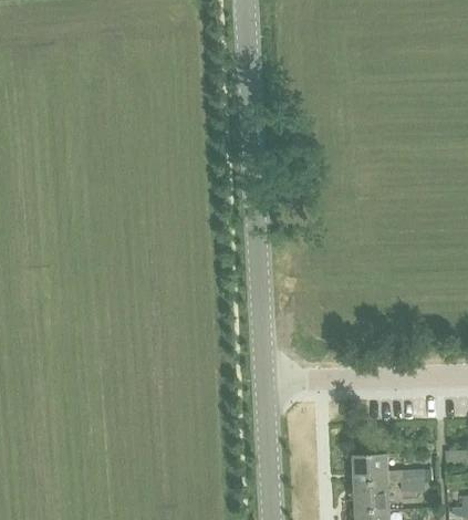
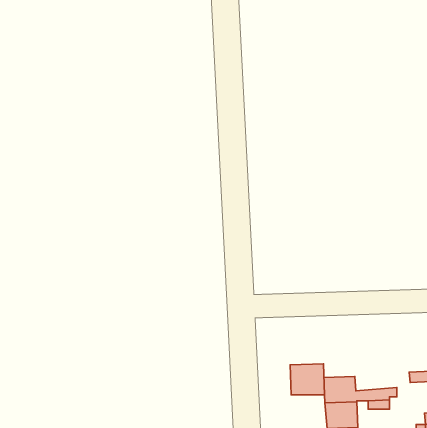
building: none -> [290,364,325,395]

